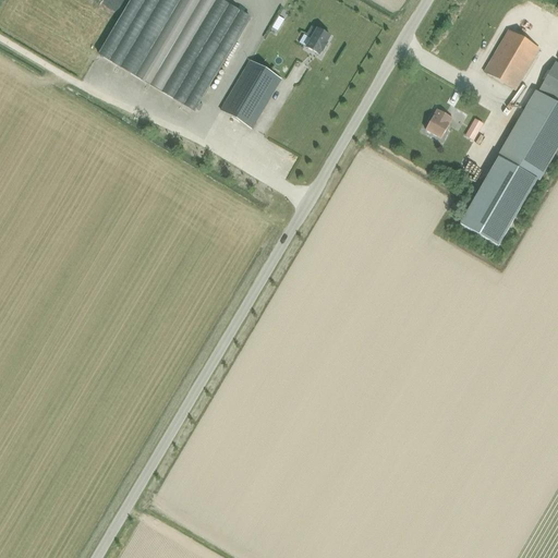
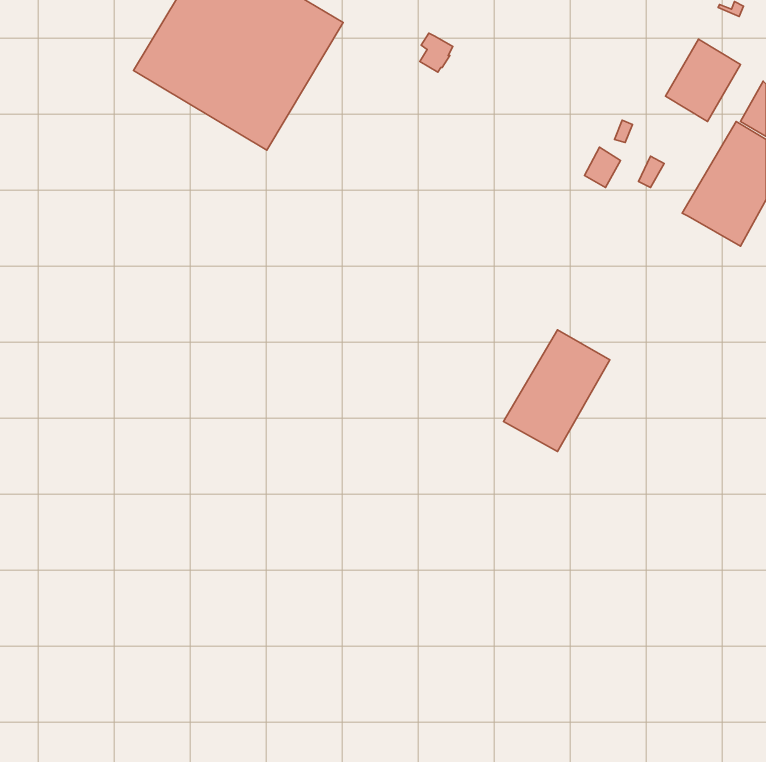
building: [220,59,280,126] -> none
building: [461,157,538,245] -> [503,330,610,451]

